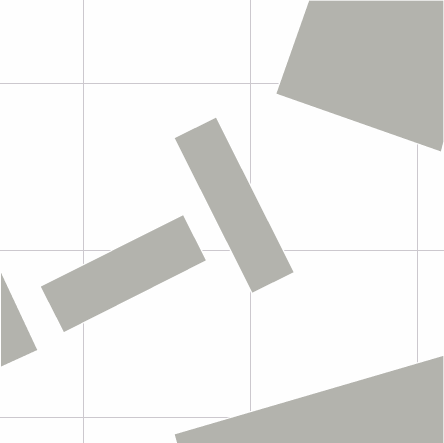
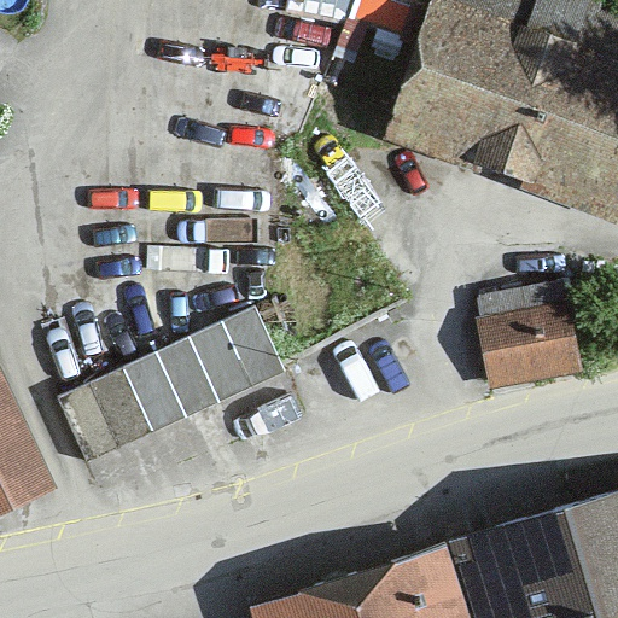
building: [174,117,295,294] -> none
building: none -> [479,292,581,383]

